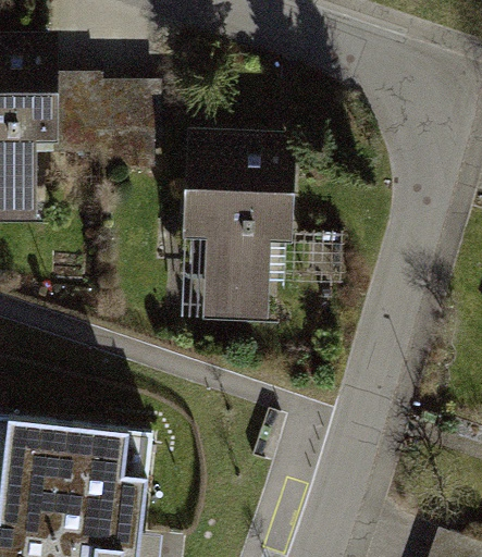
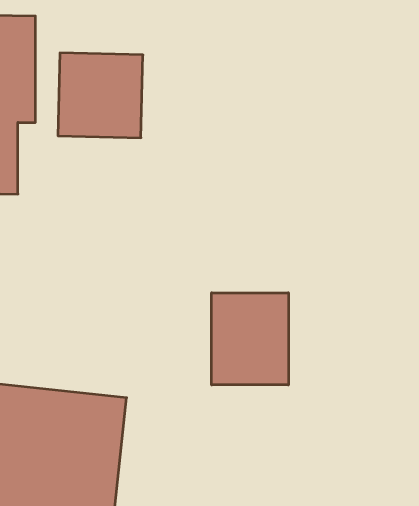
building: [182,136,286,325] -> none
building: none -> [212,293,288,385]

